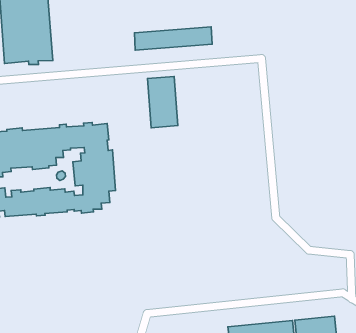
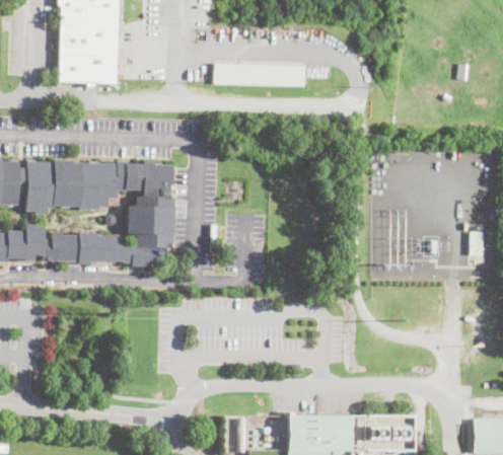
building: [147,76,178,128] -> none

